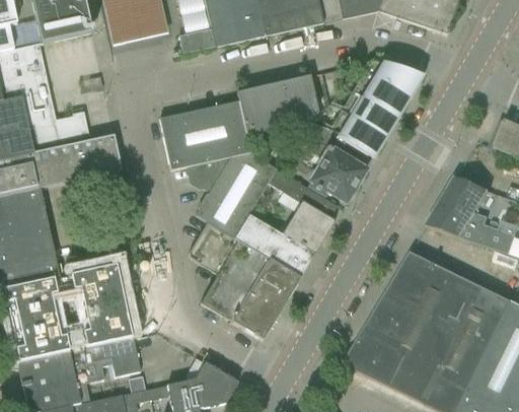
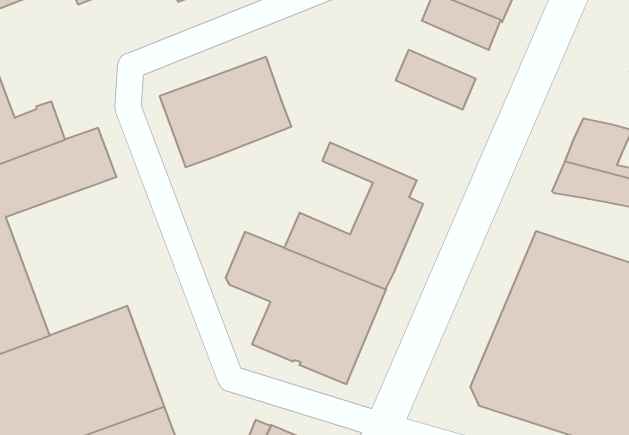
building: [236,75,317,135] -> none
building: [340,90,396,137] -> none
building: [306,126,364,200] -> none
building: [190,152,275,237] -> none

